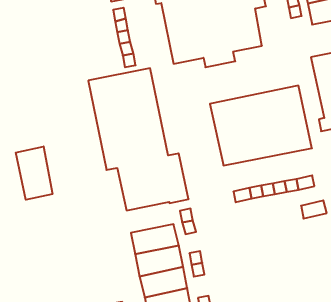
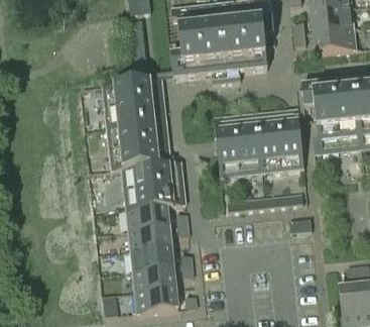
building: [16,146,52,200] -> none
building: none -> [126,206,168,231]

